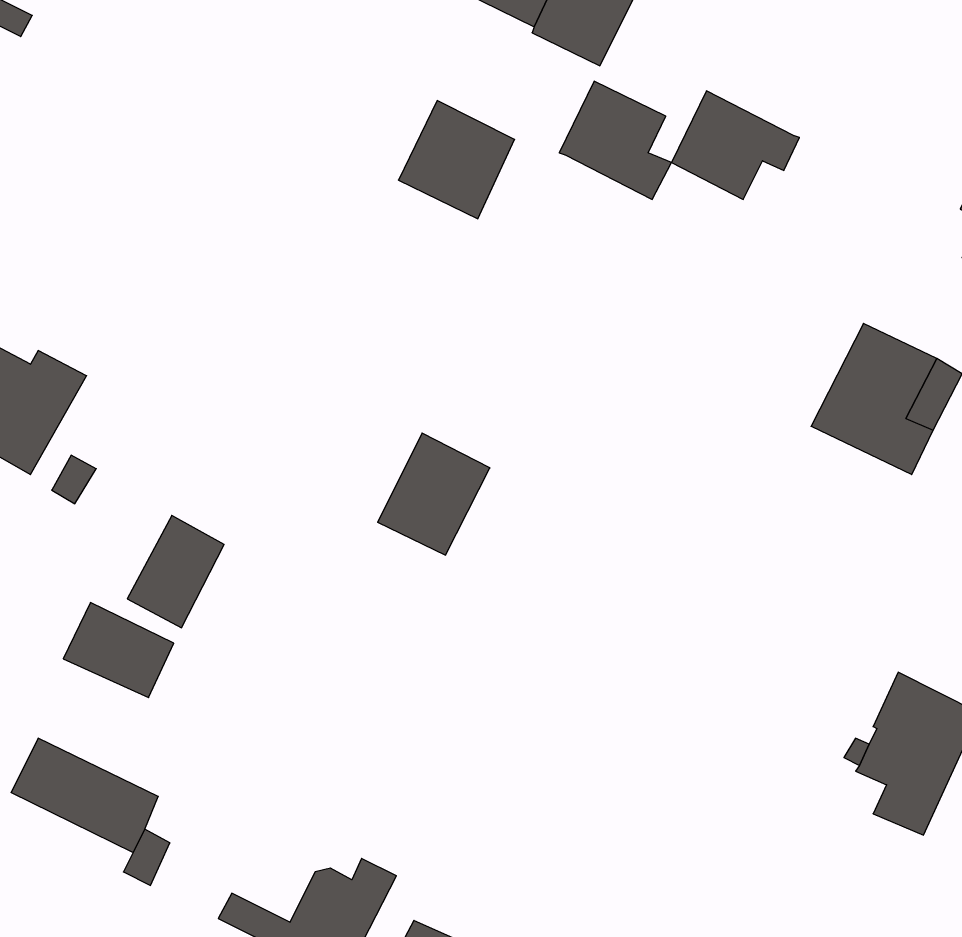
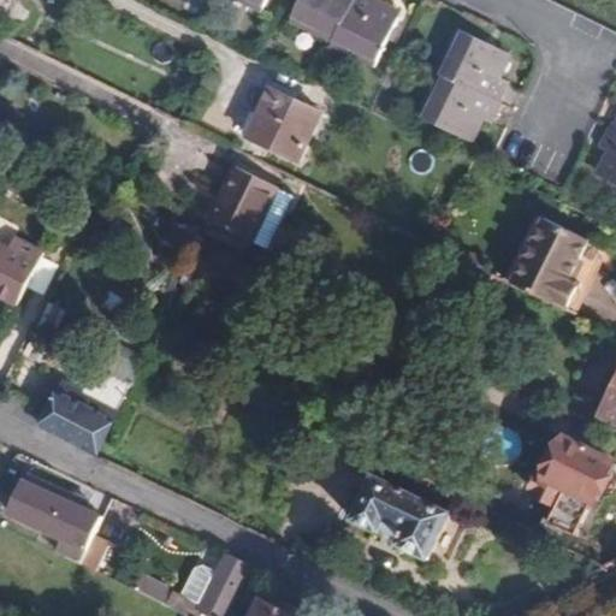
building: [559,81,672,199] -> [436,29,505,102]
building: [378,433,490,555] -> [209,166,279,242]
building: none -> [348,476,448,561]

